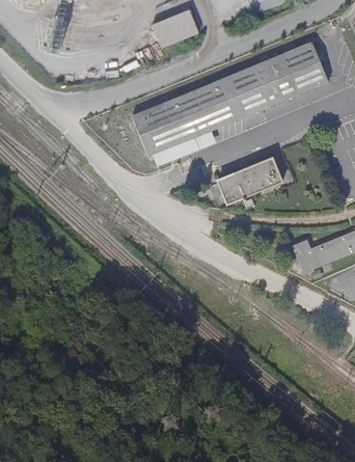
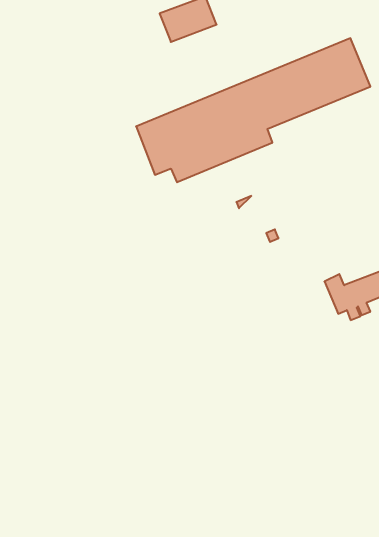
building: [216,162,280,209] -> none

